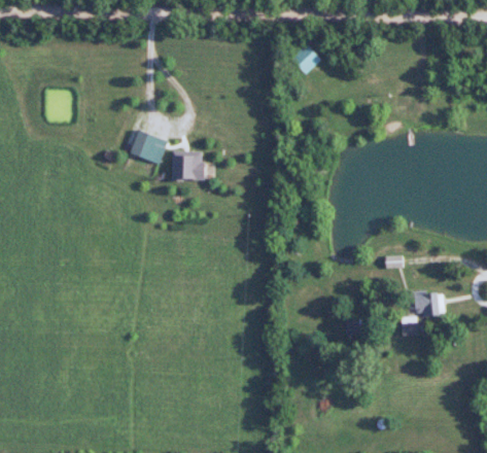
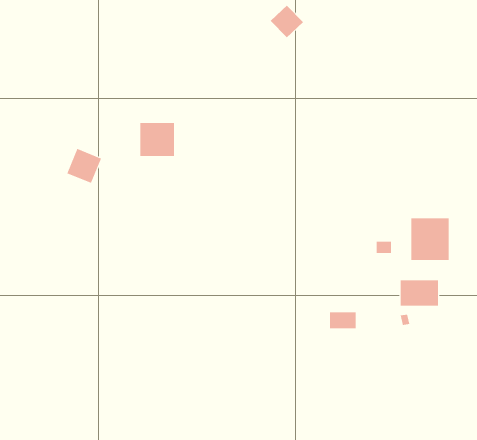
building: [136,132,168,164] -> [66,148,102,184]
building: none -> [411,217,449,261]

